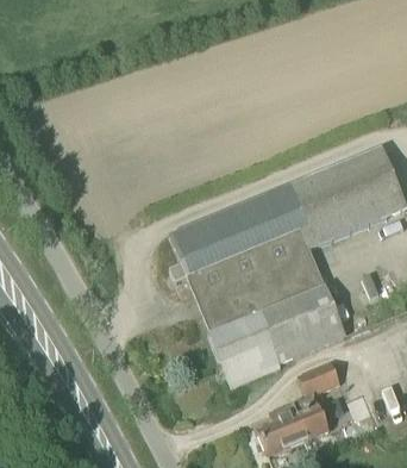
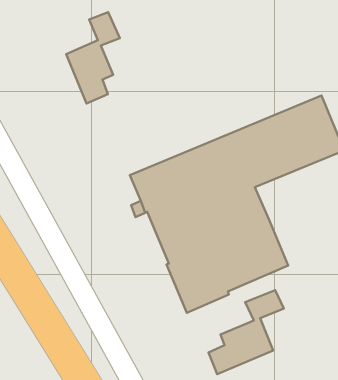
building: none -> [66,12,120,103]

